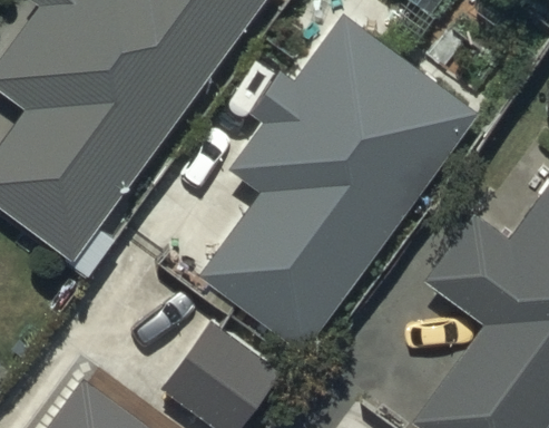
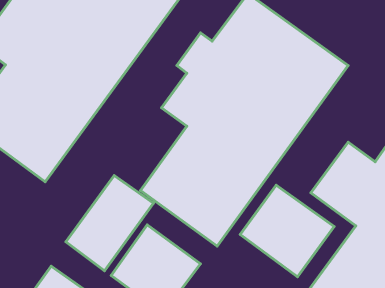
building: none -> [66,175,154,271]
building: none -> [240,185,334,277]

